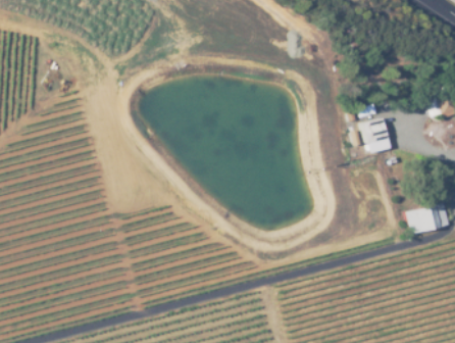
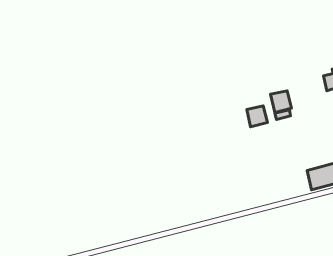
building: none -> [247,106,267,127]

